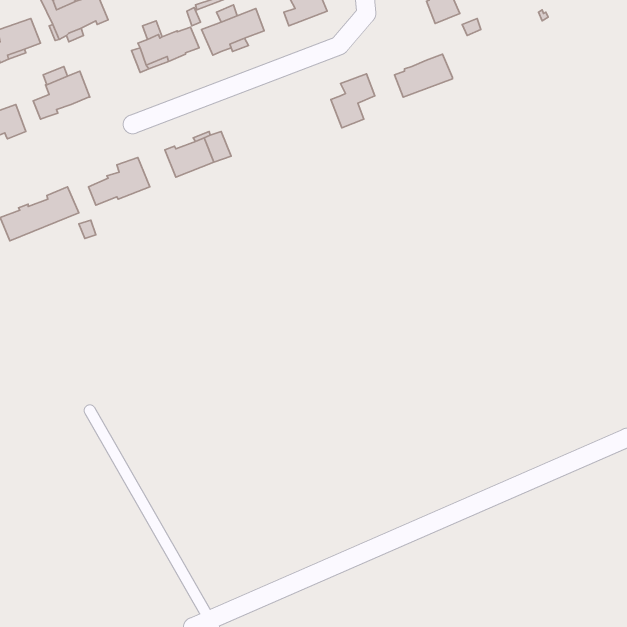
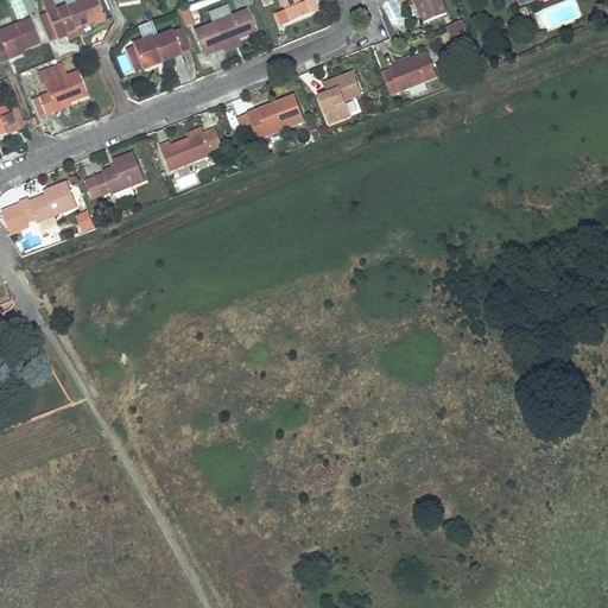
building: none -> [238,95,305,146]

